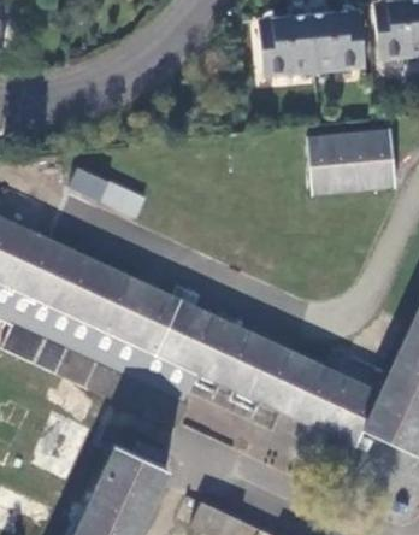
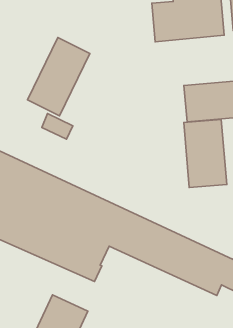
building: none -> [28,38,90,116]
building: none -> [184,120,227,188]

